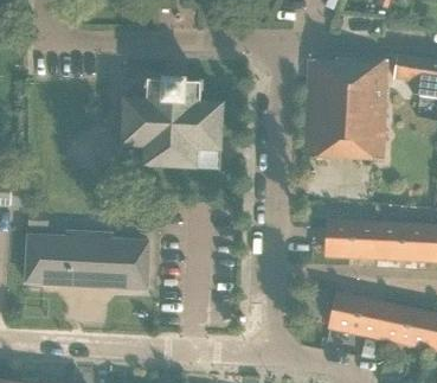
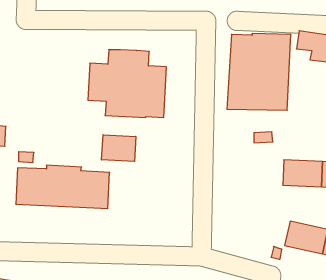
building: none -> [102,135,136,161]
building: [326,222,378,257] -> none
building: [329,294,386,337] -> none

